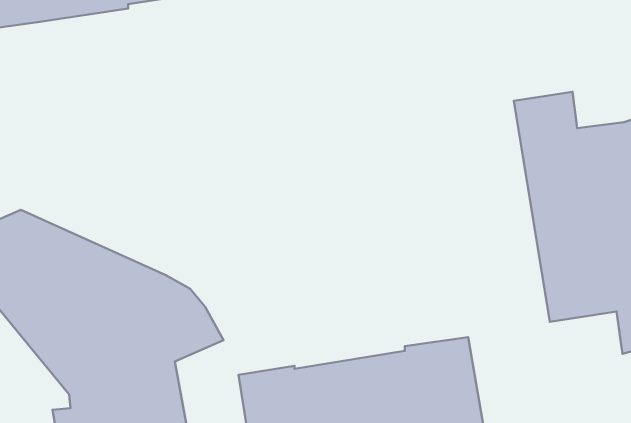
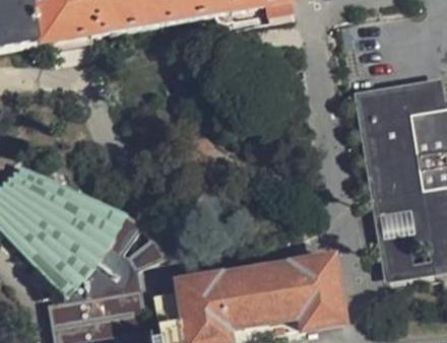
building: none -> [399,85,434,115]
building: none -> [384,237,433,272]

